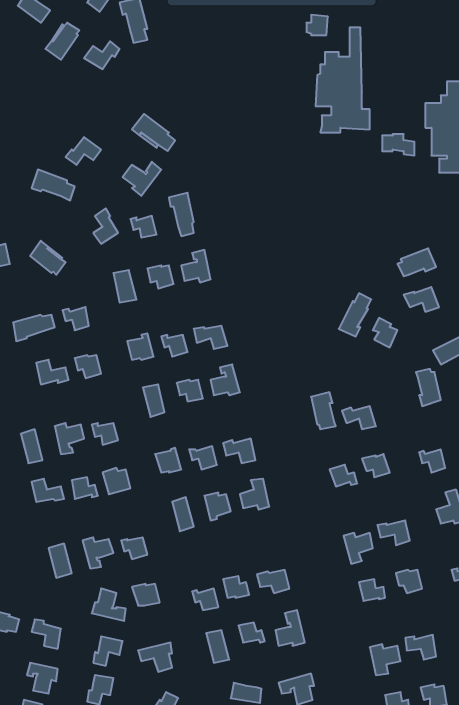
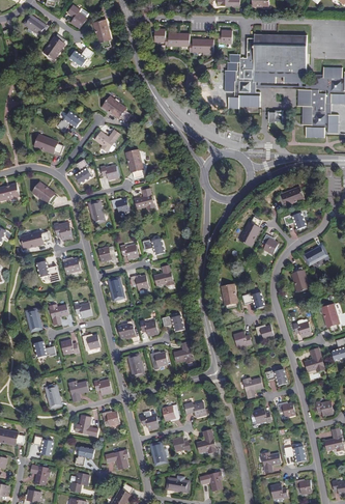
building: none -> [154,29,212,53]
building: none -> [254,34,306,83]

